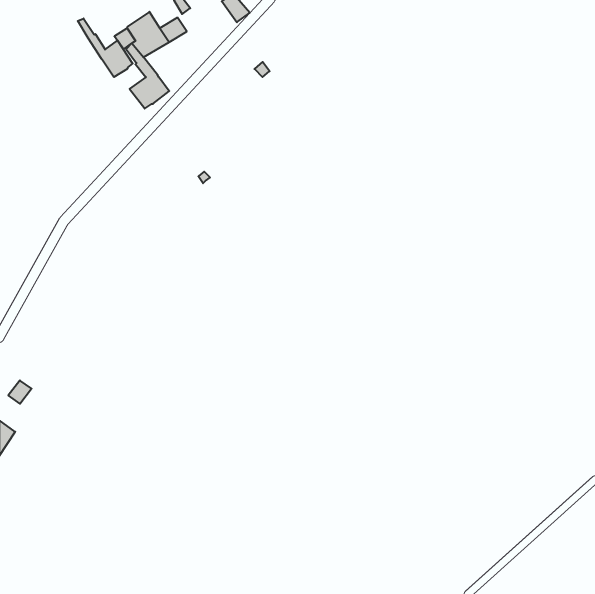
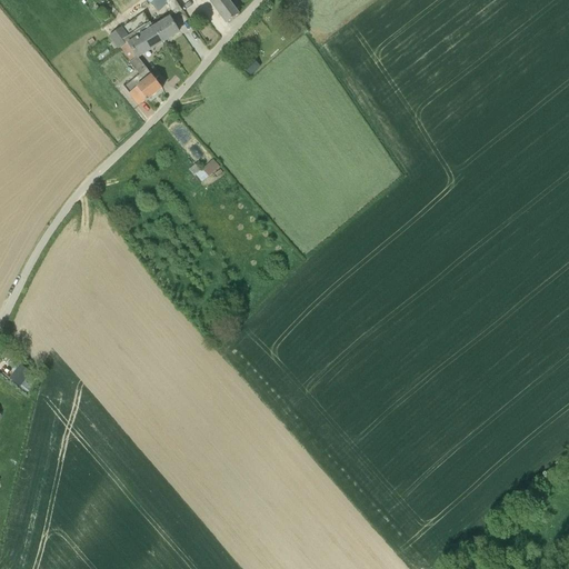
building: [78,18,133,77] -> none

